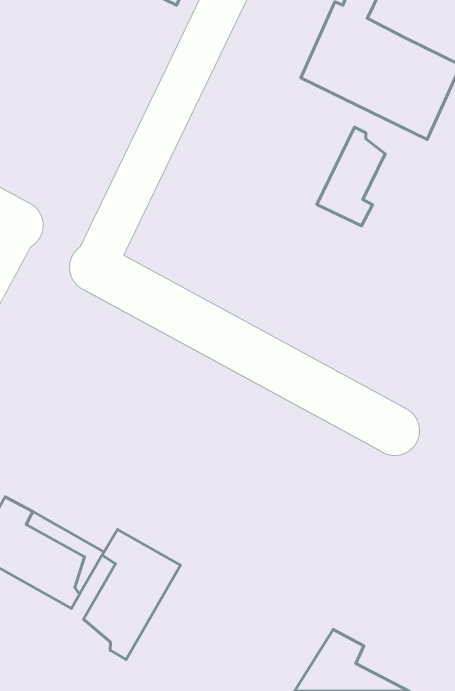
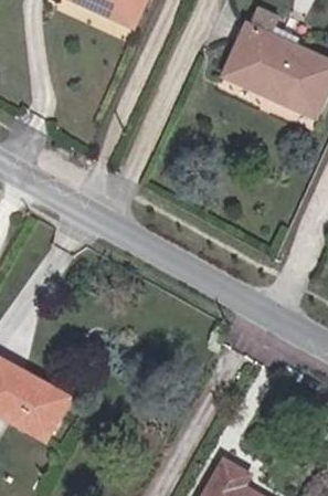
building: [317,127,385,226] -> none
building: [83,530,180,659] -> none

